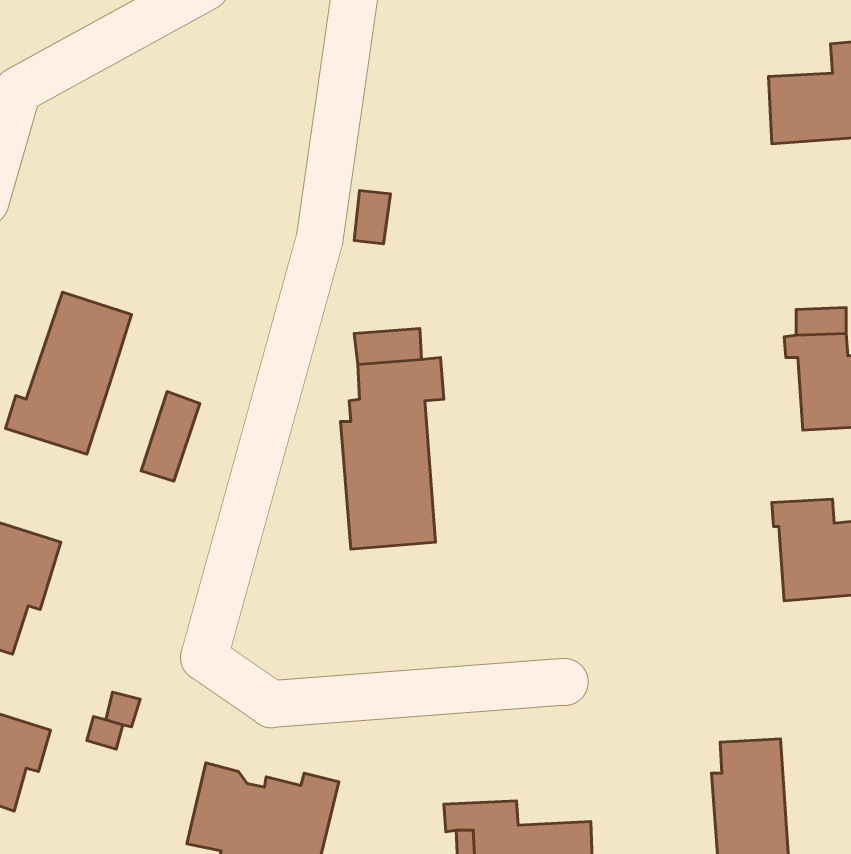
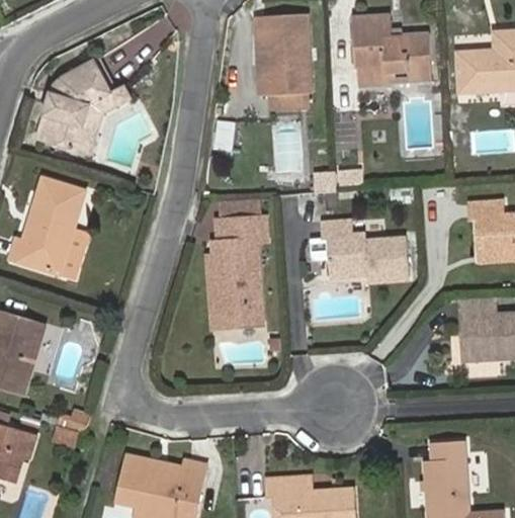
building: none -> [354,14,432,87]
building: none -> [255,15,311,96]
building: none -> [34,59,133,156]
building: none -> [320,221,409,280]
building: [141,391,200,481] -> [58,228,92,280]

